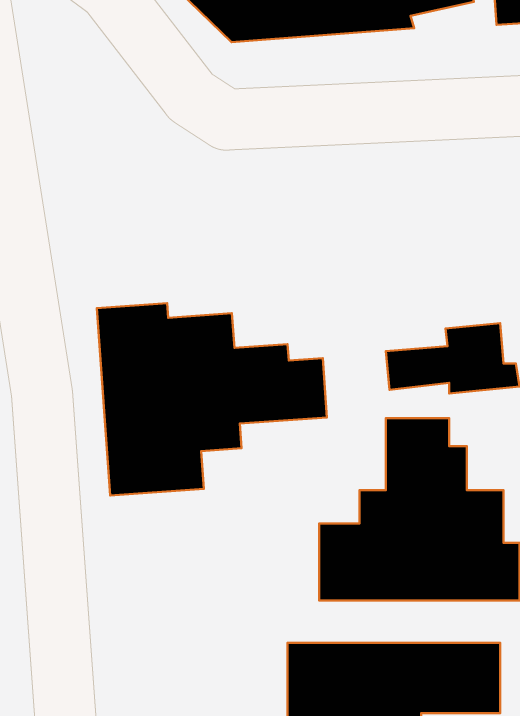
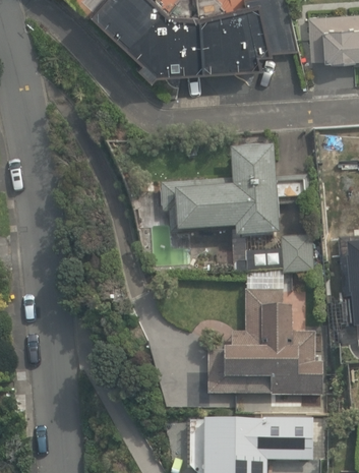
building: none -> [160,149,308,239]
building: [97,303,327,496] -> none

